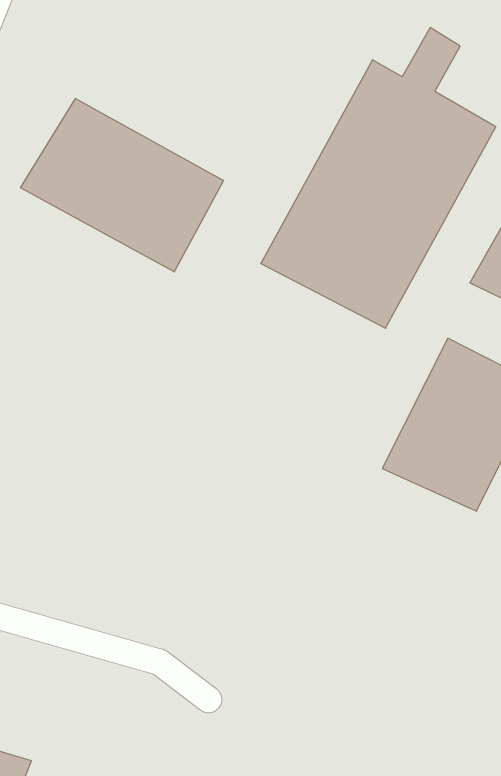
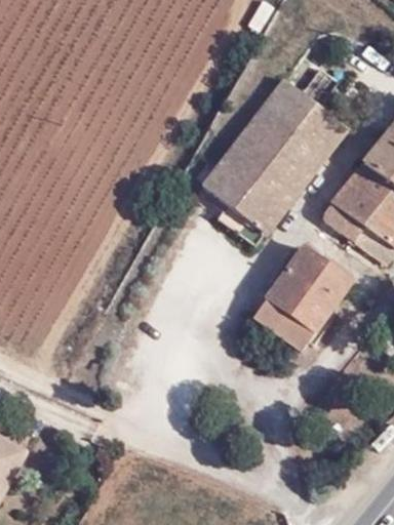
building: [20,98,224,272] -> none

